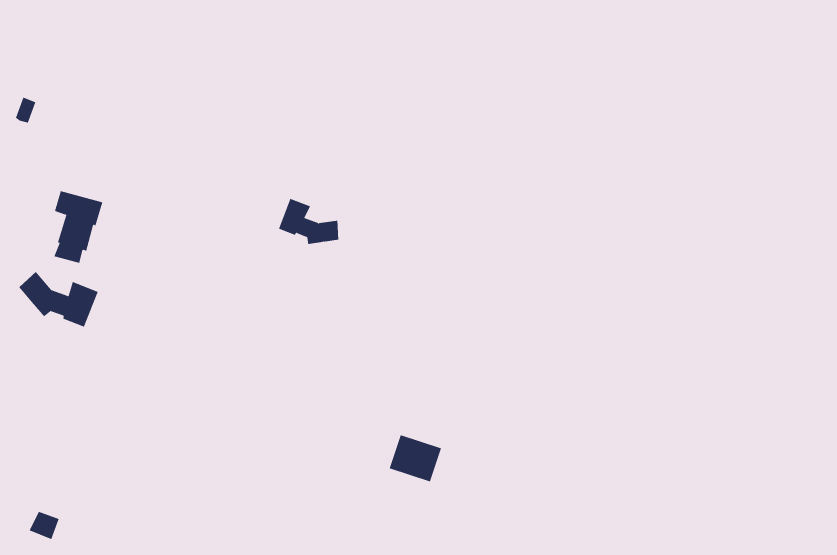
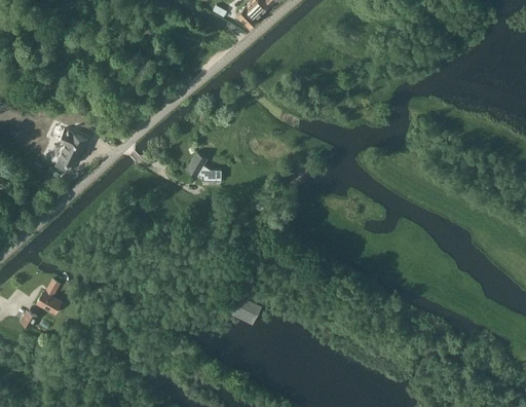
building: [19,271,98,328] -> none
building: none -> [36,279,61,312]

